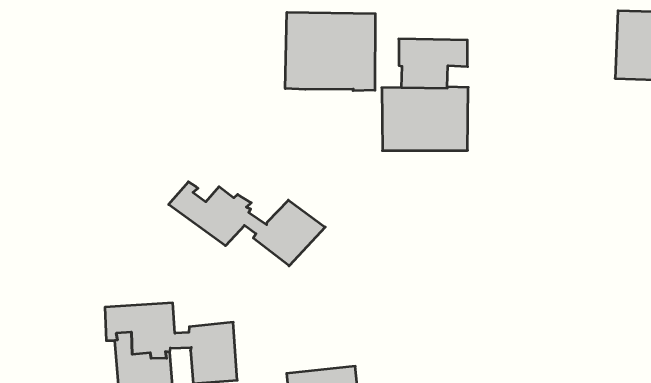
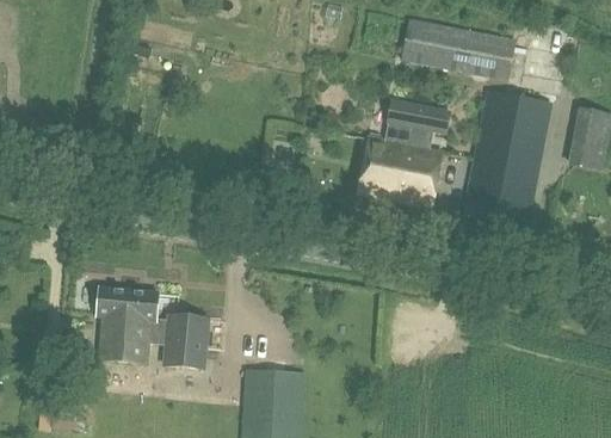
building: none -> [463,88,553,226]
building: [285,12,375,91] -> none
building: [169,182,325,266] -> none

